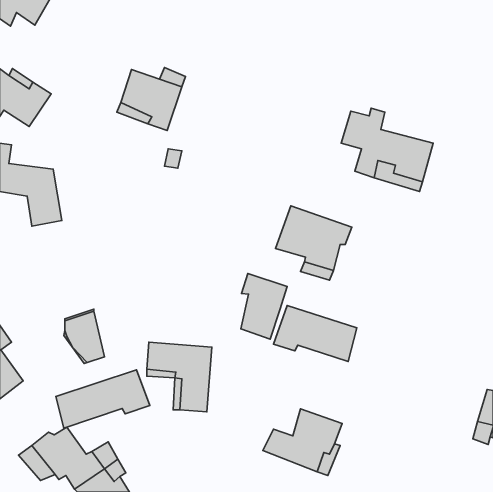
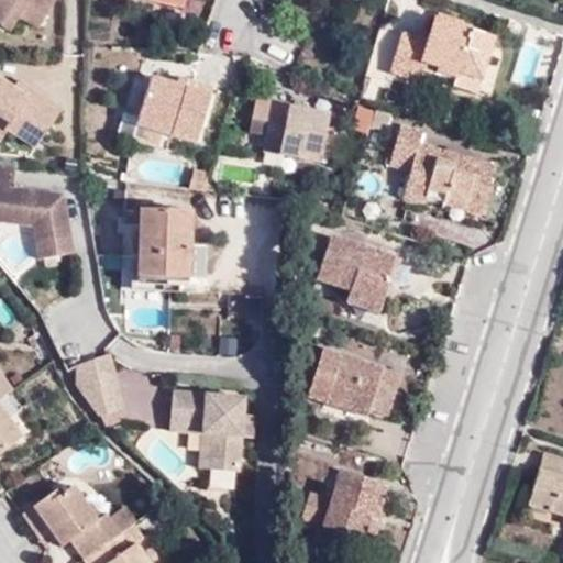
building: none -> [387,16,492,91]
building: none -> [247,98,339,159]
building: none -> [133,210,206,297]
building: [241,273,287,339] -> none
building: [56,370,150,428] -> none

